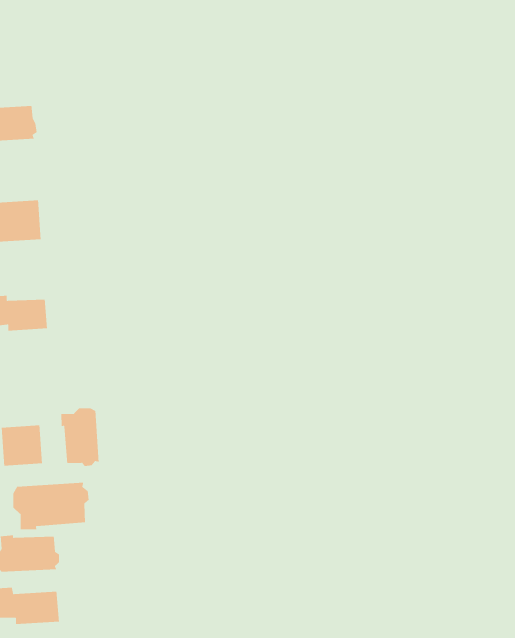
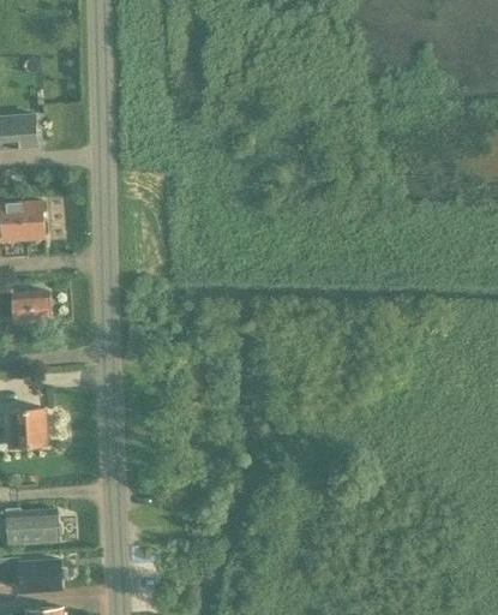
building: [61,408,100,467] -> none
building: [12,482,90,530] -> none

